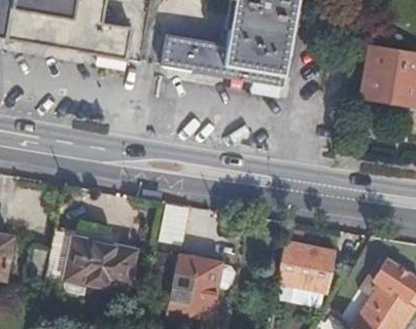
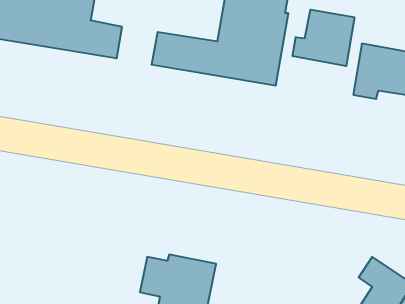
building: none -> [293,10,354,66]
building: [45,224,135,291] -> none
building: [276,240,336,290] -> none

